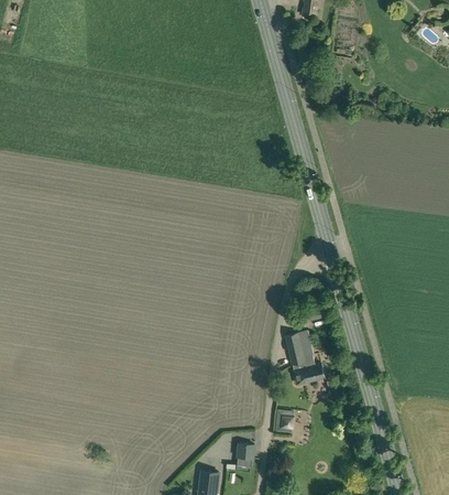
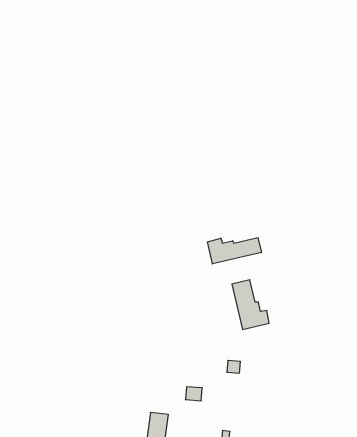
building: none -> [207,238,261,264]

